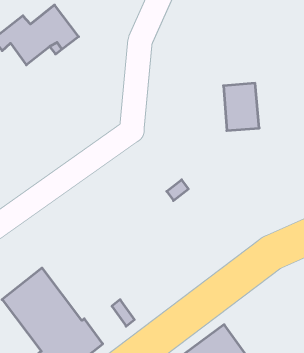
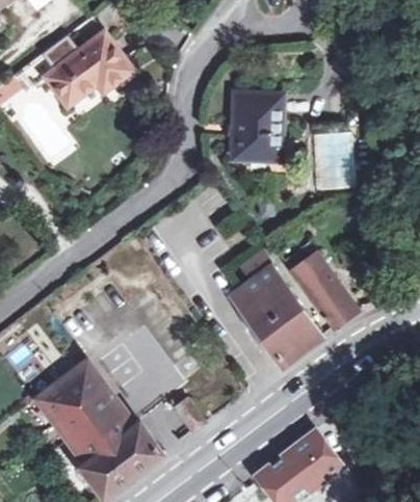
building: none -> [233,94,281,159]
building: none -> [289,253,357,328]
building: none -> [231,267,321,366]

